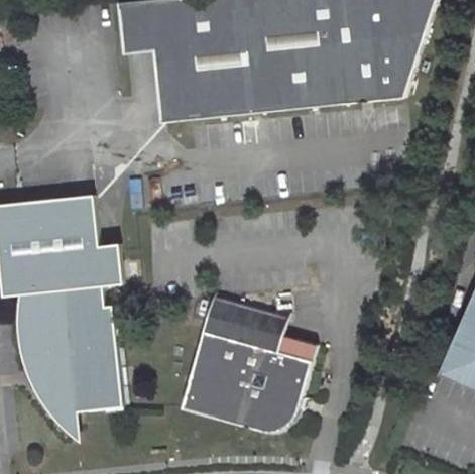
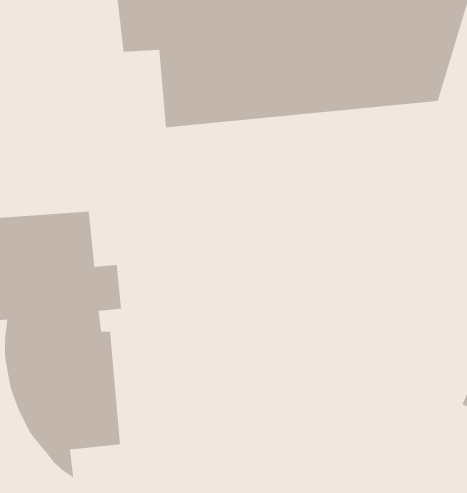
building: [184,298,322,434] -> none

